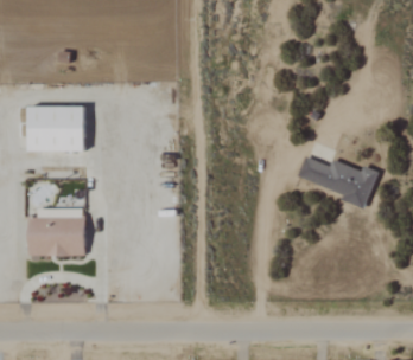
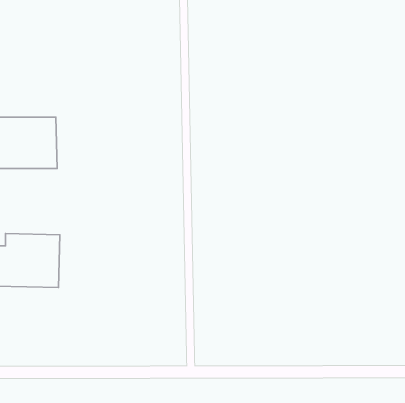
building: [298,156,379,204] -> none

